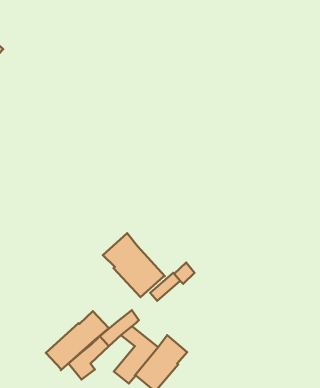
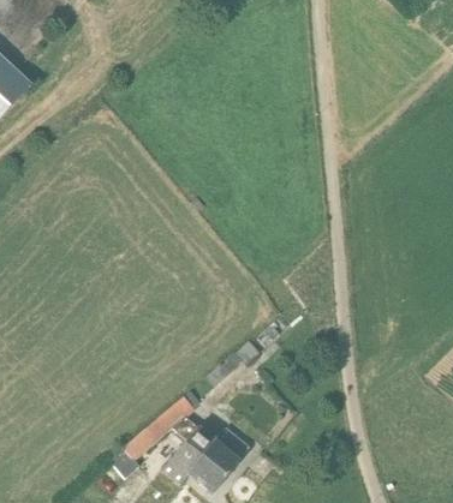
building: [103,233,165,297] -> none
building: [46,311,109,370] -> none

